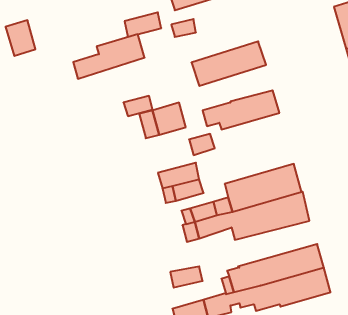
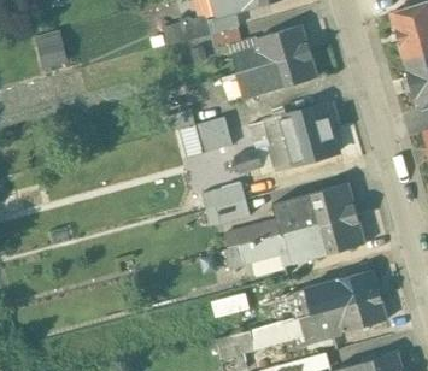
building: [73,34,145,79] -> [231,25,309,73]
building: none -> [269,128,339,169]

